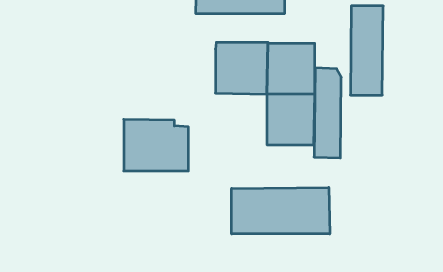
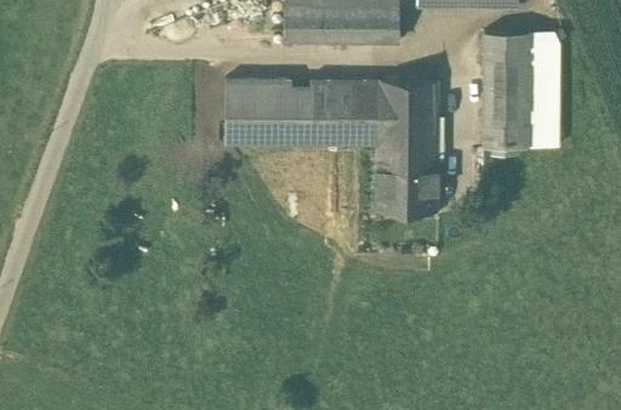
building: [314,68,341,158] -> [525,32,560,148]
building: [124,119,188,171] -> [226,78,309,144]
building: [232,187,330,234] -> none

